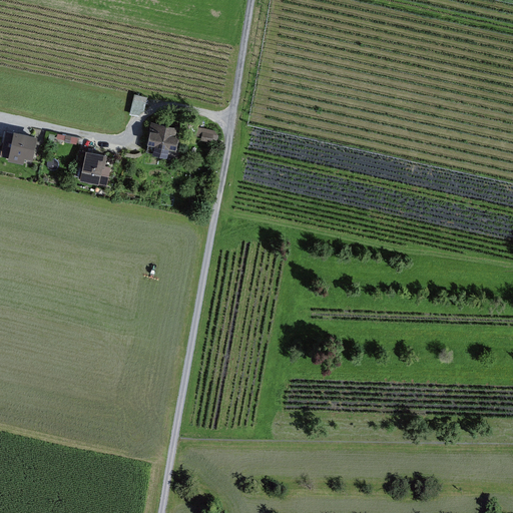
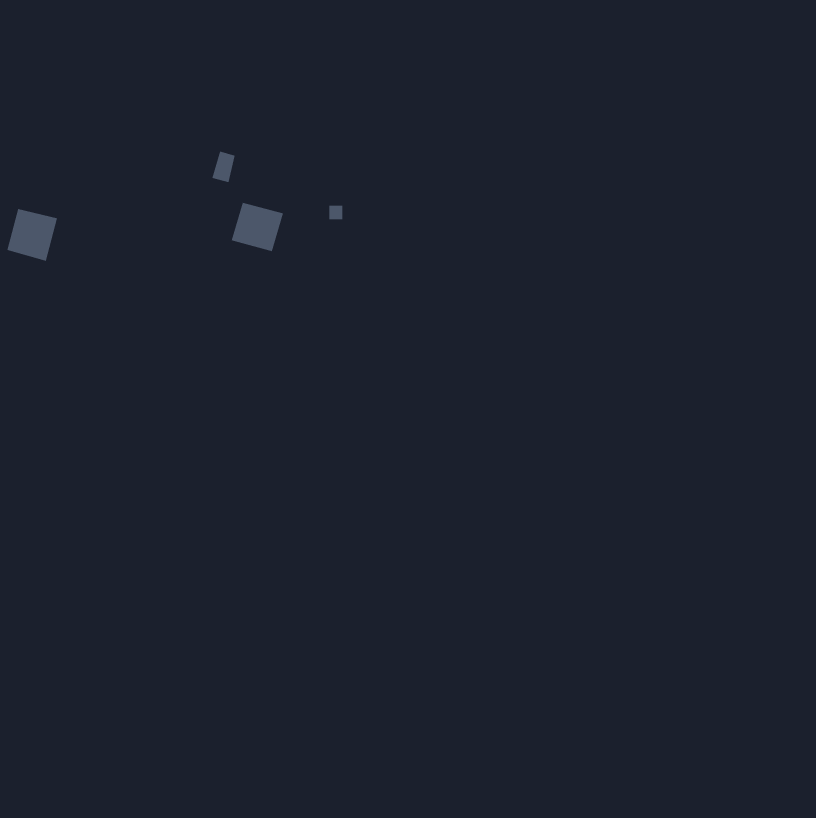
building: [79,152,104,182] -> none

